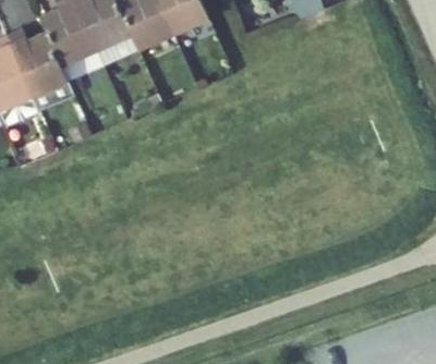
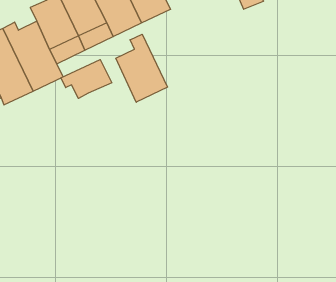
building: none -> [116,34,168,102]
building: none -> [61,60,112,98]

